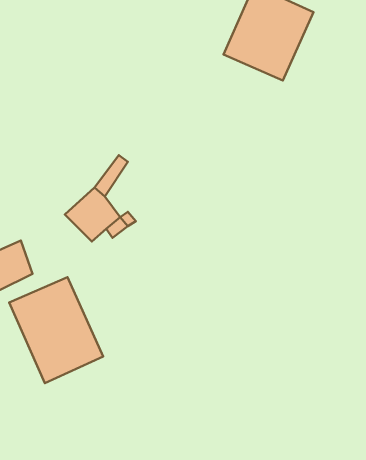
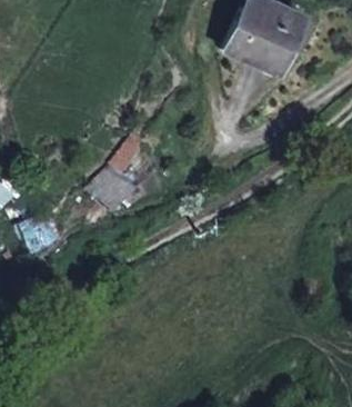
building: [9,277,103,383] -> none

